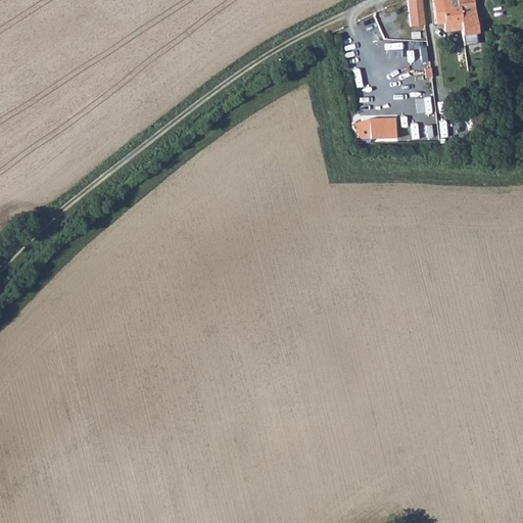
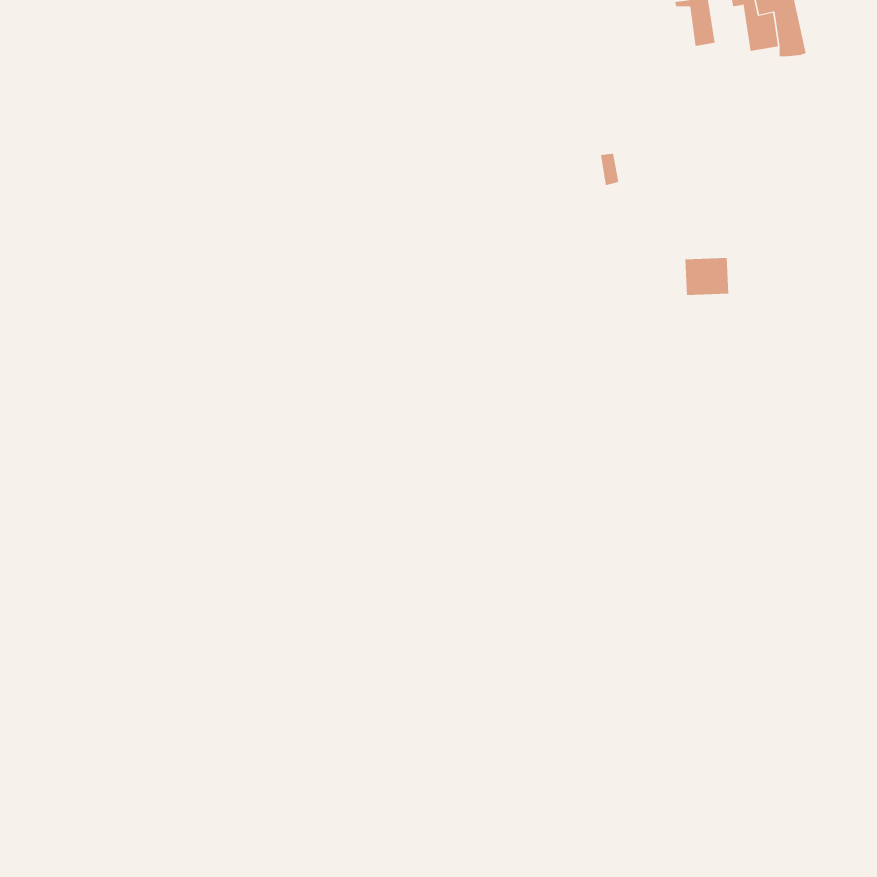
building: [369,117,395,140] -> [684,258,729,295]

